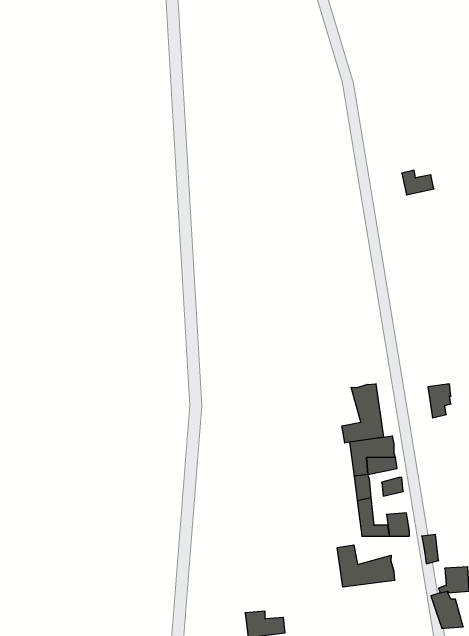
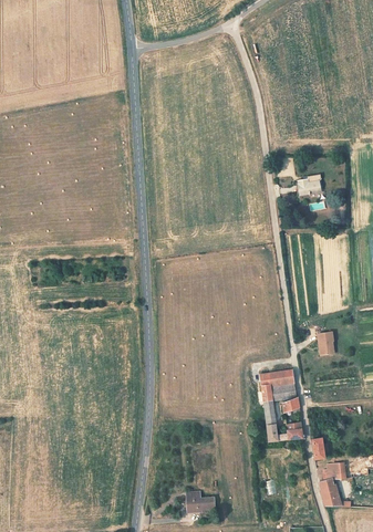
building: [342,384,384,443] -> none
building: [337,545,394,587] -> none

